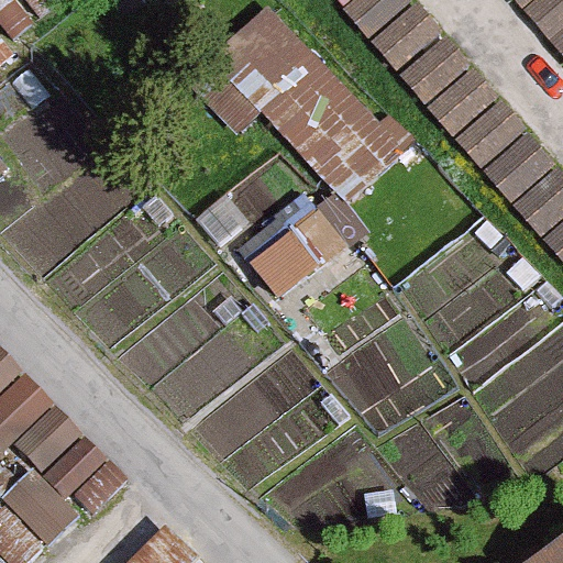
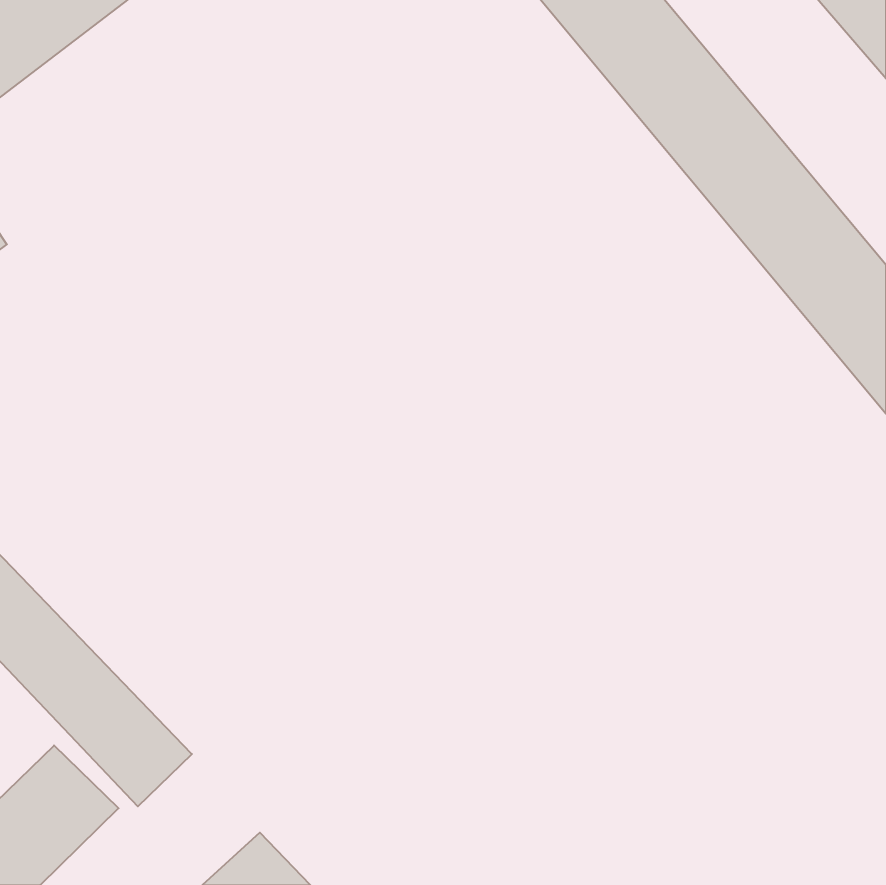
building: [224,19,406,209] -> none
building: [244,203,344,294] -> none

